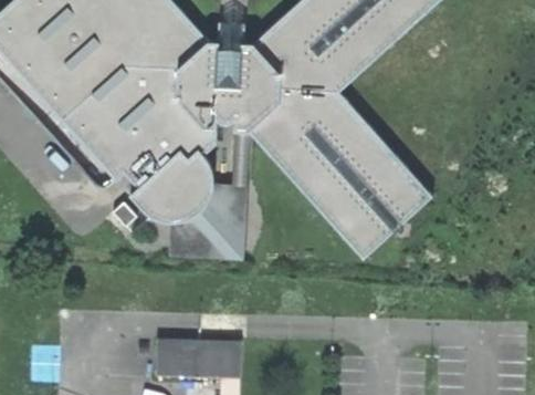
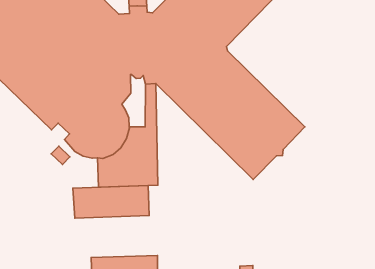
building: none -> [73,186,149,218]

